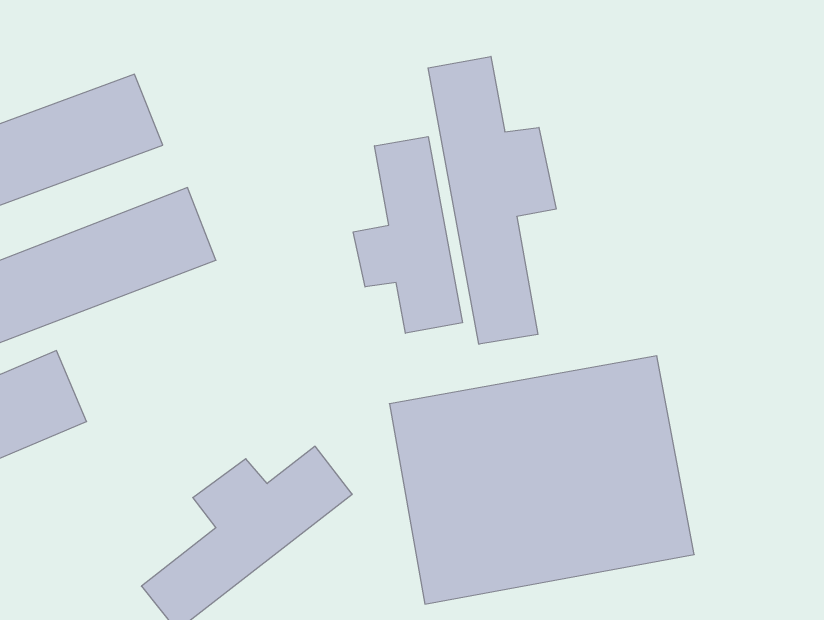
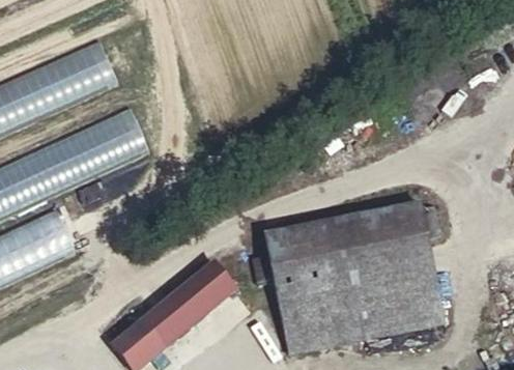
building: [428,56,556,344] -> none
building: [353,137,462,333] -> none

